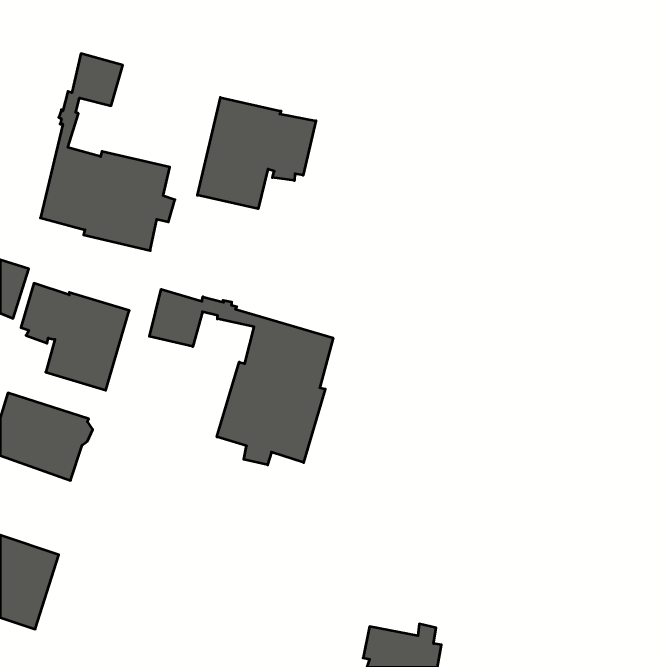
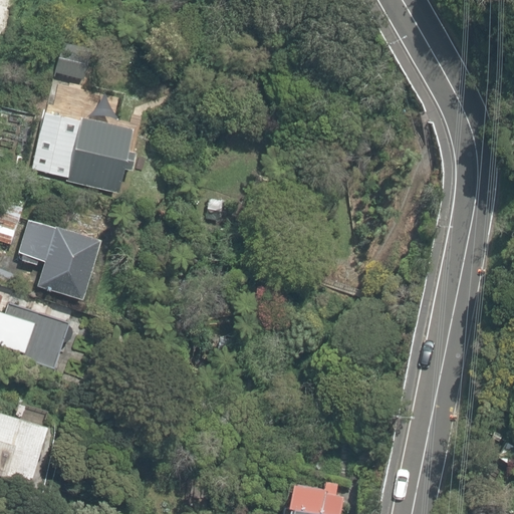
building: [197,97,316,209] -> none
building: [149,289,333,465] -> none

